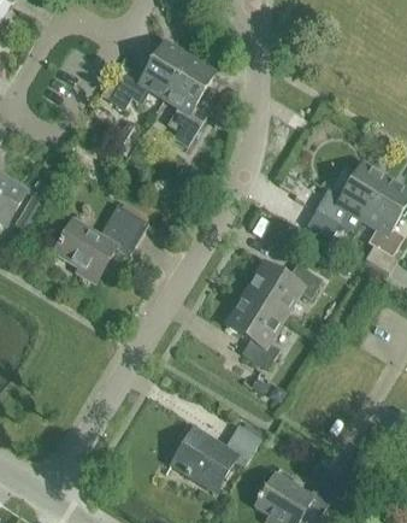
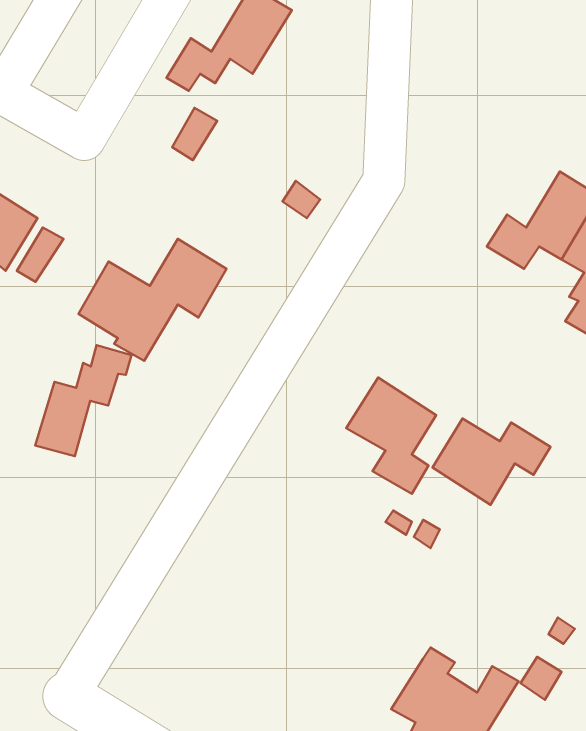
building: [165,57,214,146] -> none
building: [246,262,322,317] -> [433,419,550,505]
building: none -> [35,345,132,456]
building: [171,425,261,490] -> none

